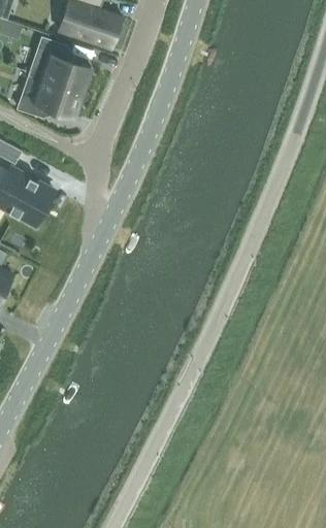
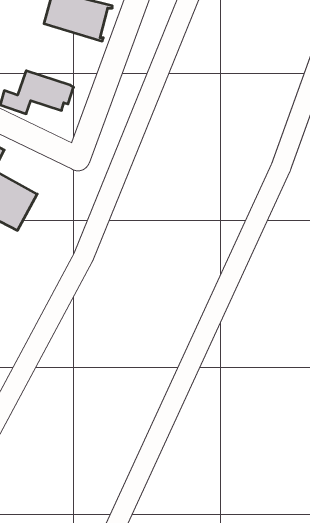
building: [29,37,91,90] -> none

